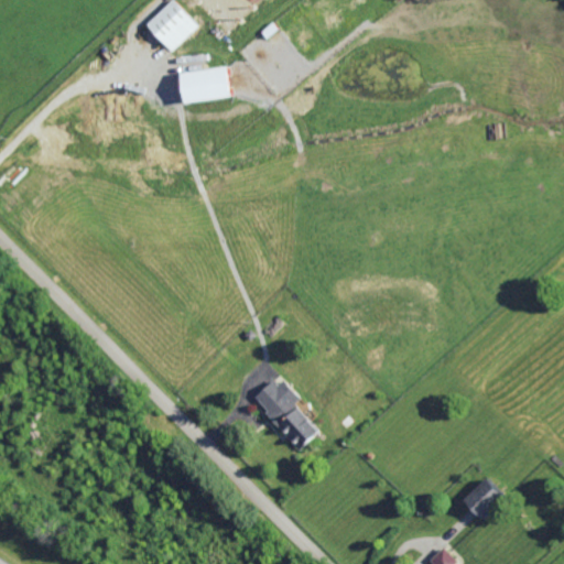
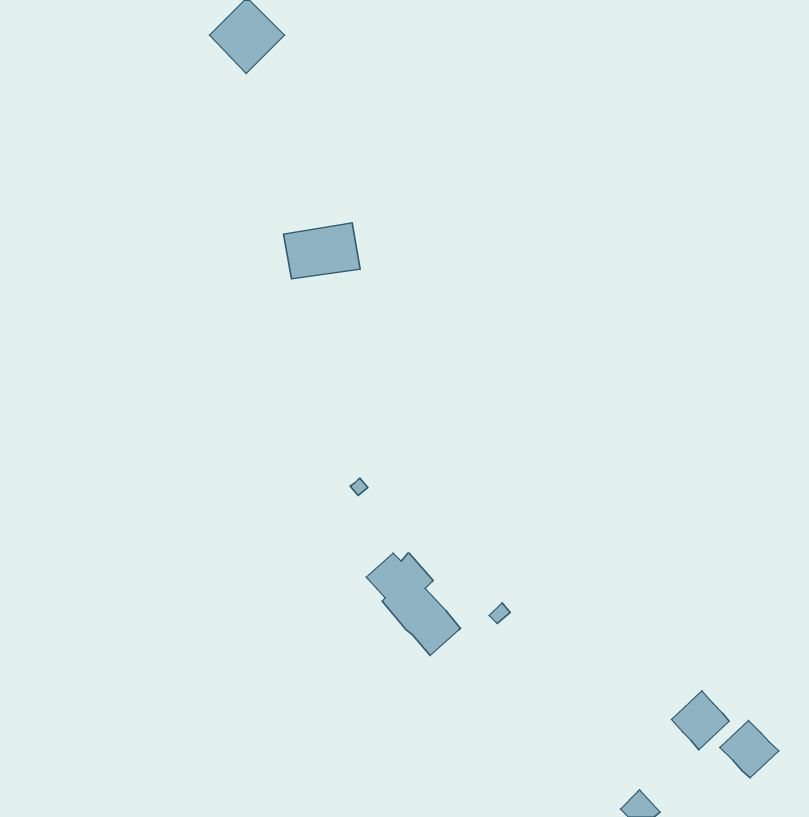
building: [178,65,231,104] -> [284,223,360,279]
building: none -> [720,721,779,778]

